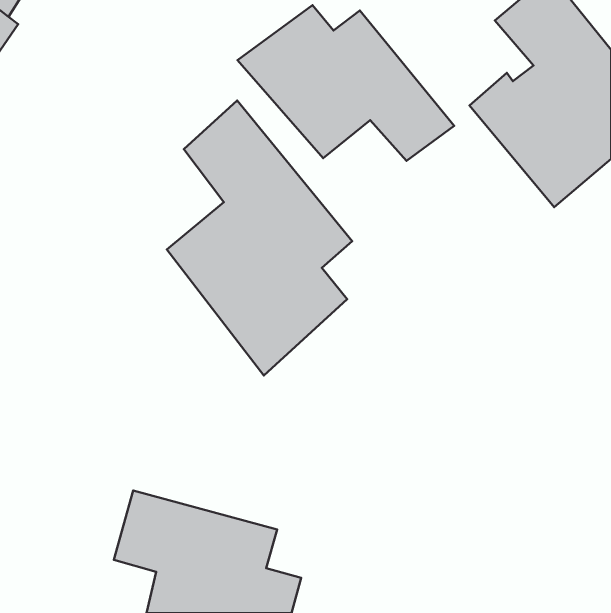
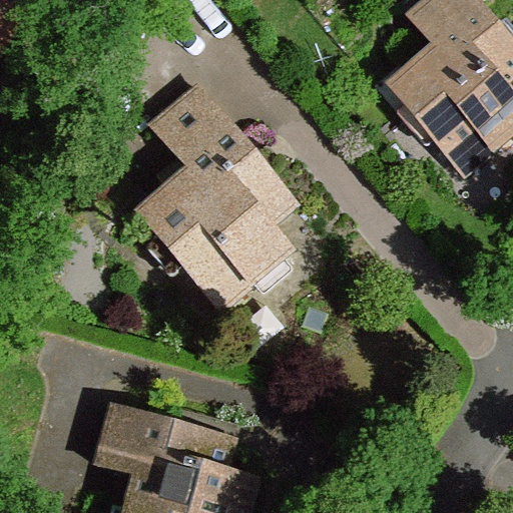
building: [238,5,454,161] -> none

